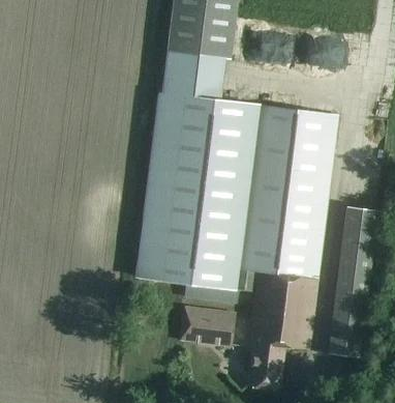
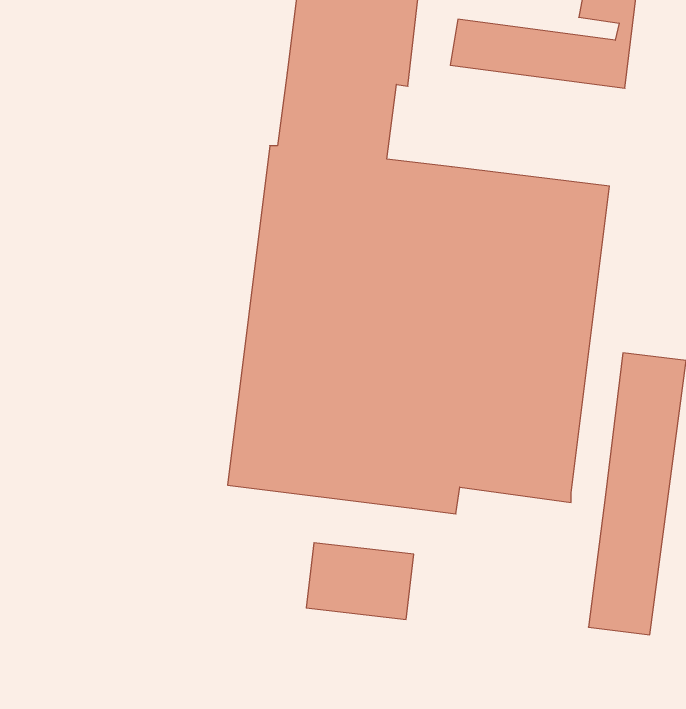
building: [249,277,318,390] -> none

